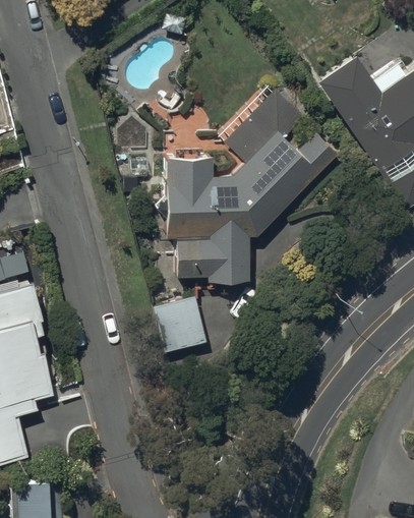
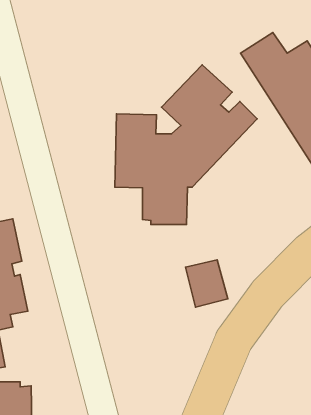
building: [154,296,205,354] -> [185,260,228,307]

